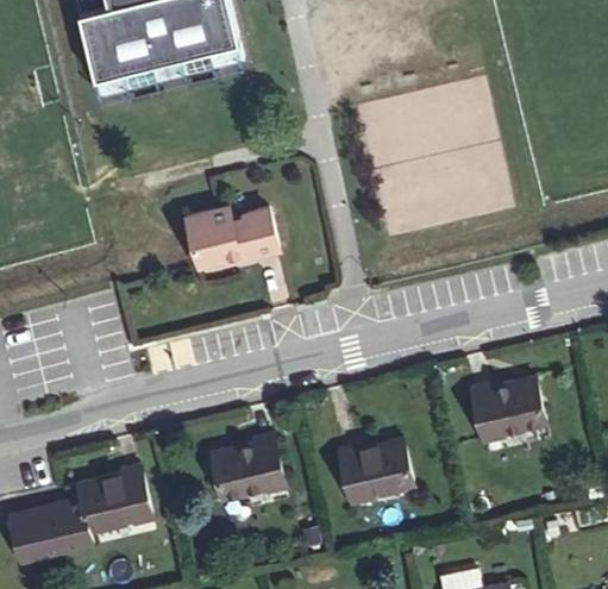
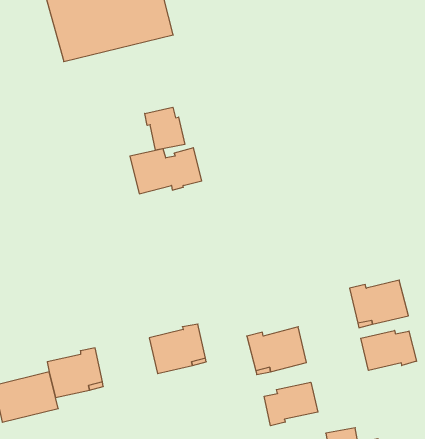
building: none -> [145,107,185,150]
building: none -> [361,330,417,370]
building: none -> [264,382,318,426]

